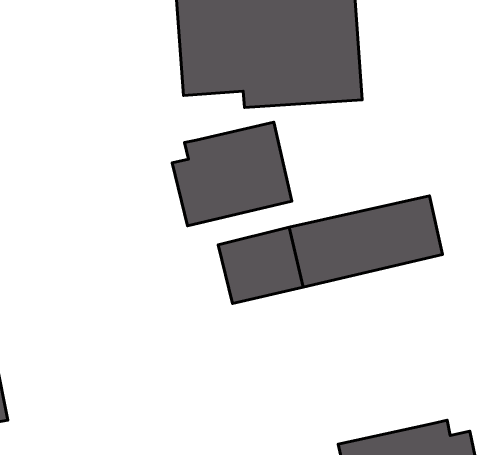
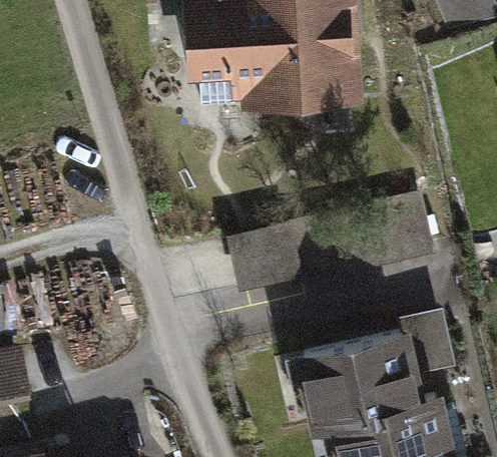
building: [172,122,292,226] -> none
building: none -> [299,310,450,426]

